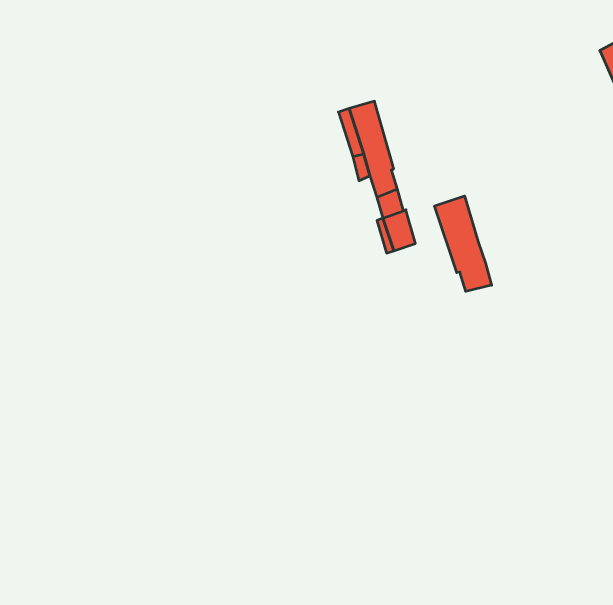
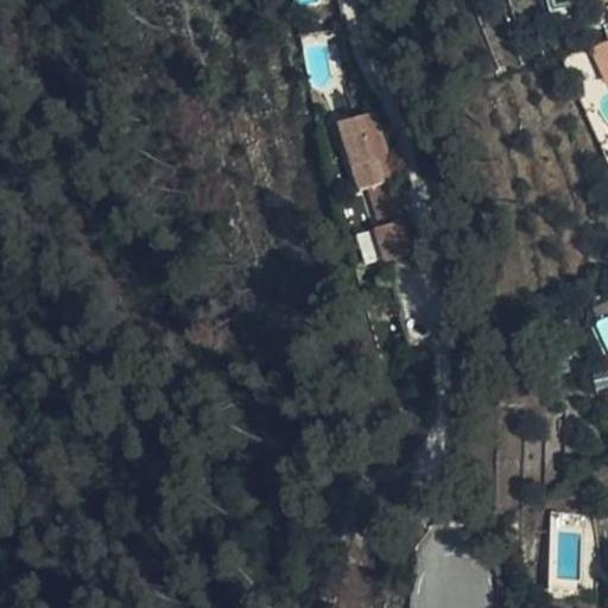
building: [435,196,492,291] -> none

